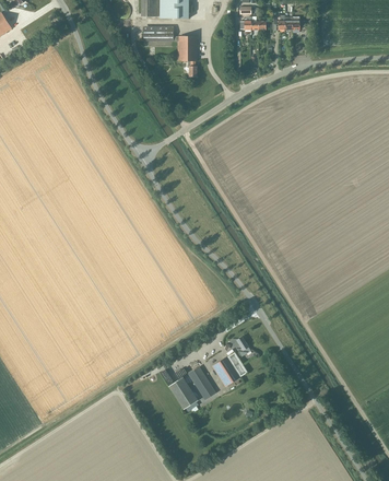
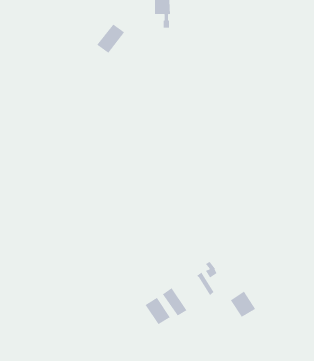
building: none -> [96,23,125,54]
building: [212,355,241,386] -> [230,290,256,318]

